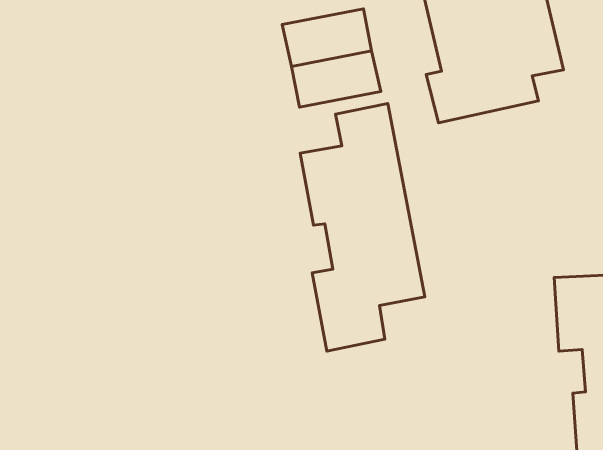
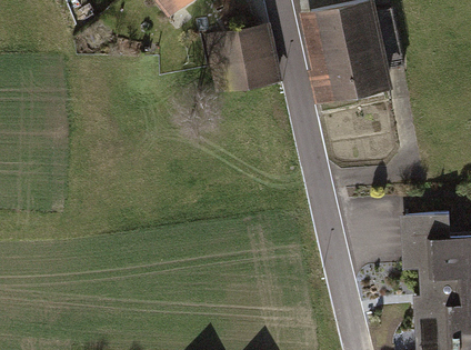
building: [300,103,425,351] -> none

